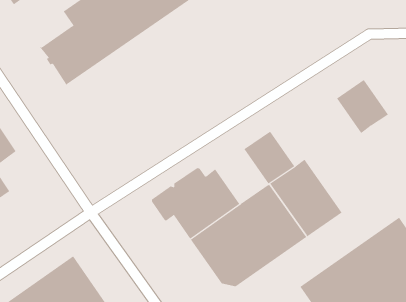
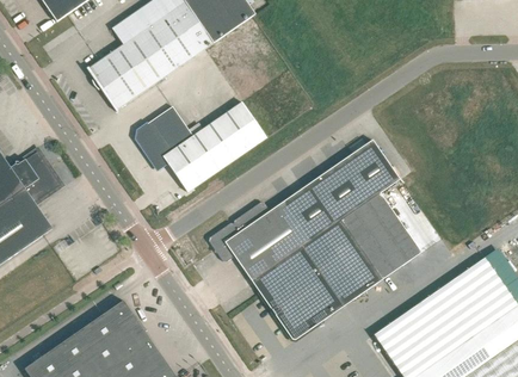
building: none -> [136,101,272,192]
building: [336,79,389,134] -> [341,140,400,200]
building: none -> [280,181,339,242]

